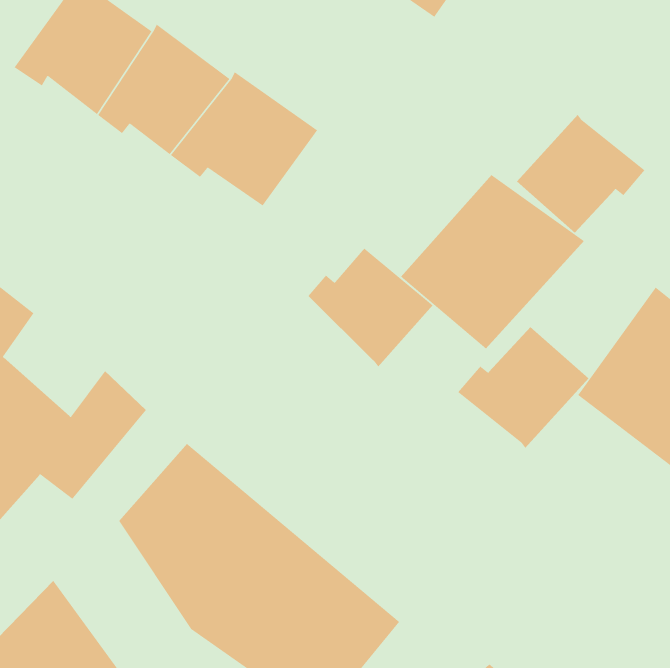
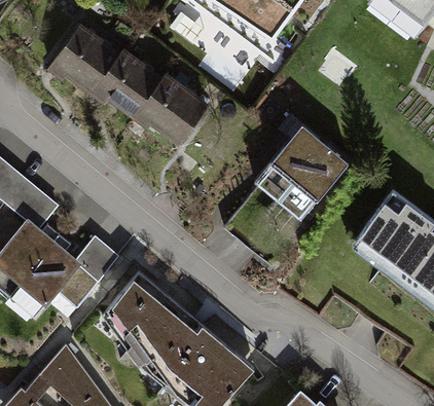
building: [516,114,646,234] -> none
building: [308,248,434,367] -> none
building: [457,326,589,449] -> none

